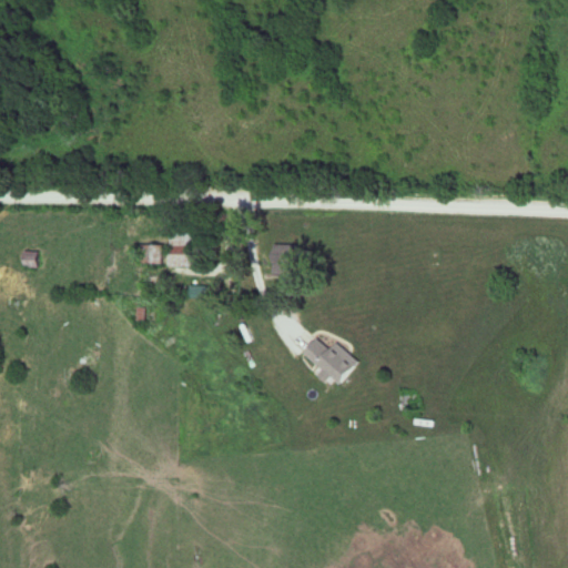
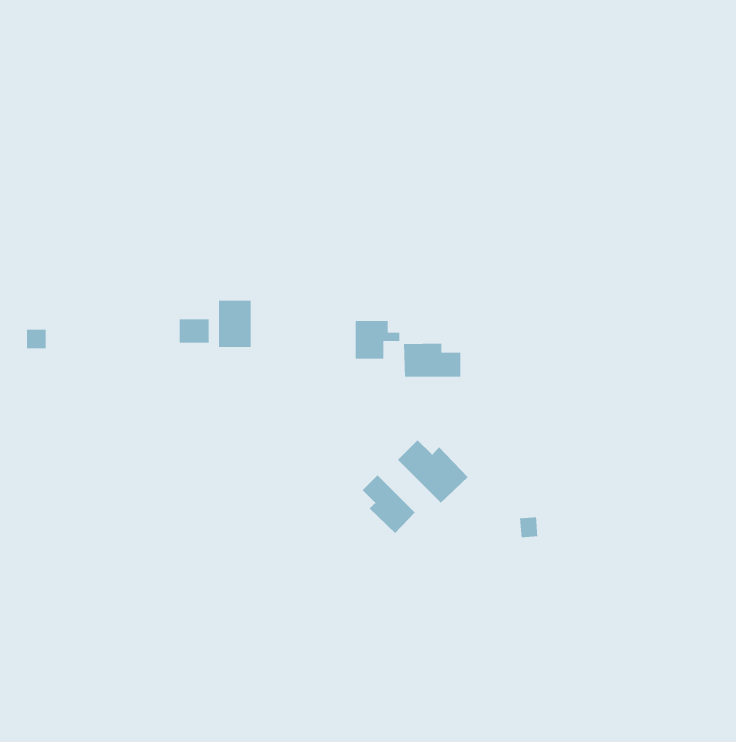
building: none -> [403,343,461,378]
building: none -> [362,475,415,534]

